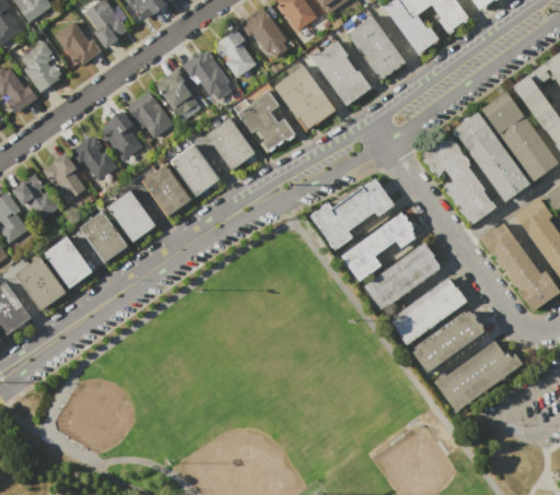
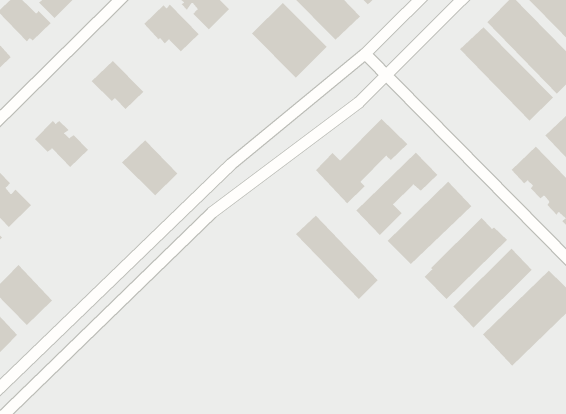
building: [155,67,201,120] -> none
building: [237,91,294,153] -> none
building: [102,109,145,160] -> none
building: [207,118,256,169] -> none
building: [419,135,495,224] -> none
building: [172,145,219,196] -> none
building: [45,152,86,204] -> none
building: [108,190,155,241] -> none
building: [79,210,128,262] -> none
building: [44,237,93,288] -> none
building: none -> [295,215,378,300]

